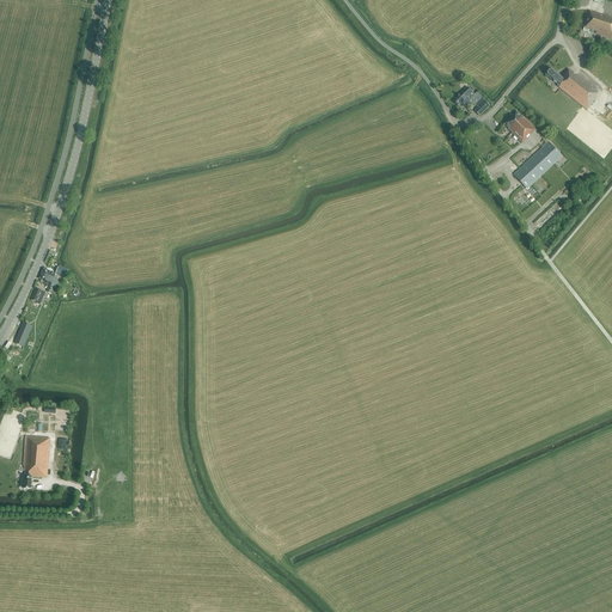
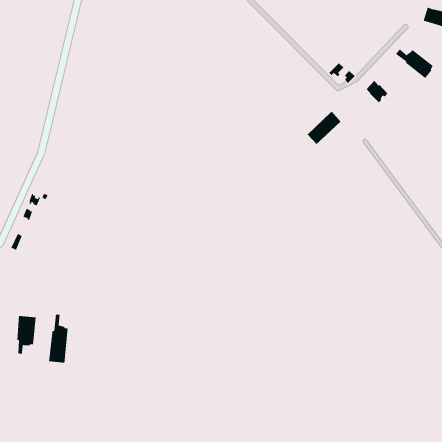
building: [515,141,563,188] -> [307,111,342,145]
building: none -> [49,314,68,363]

